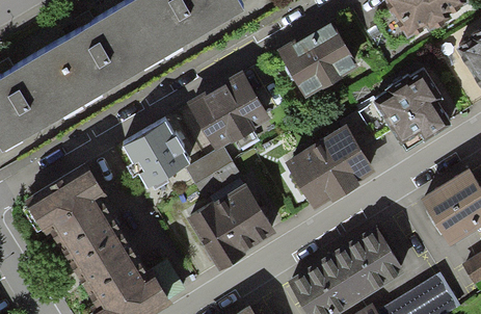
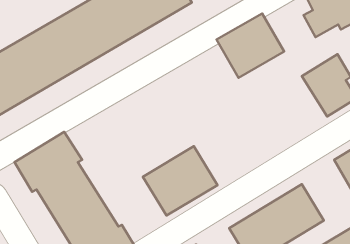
building: [185,72,266,149] -> none
building: [116,115,191,189] -> none
building: [283,125,373,209] -> none
building: [186,148,242,199] -> none

